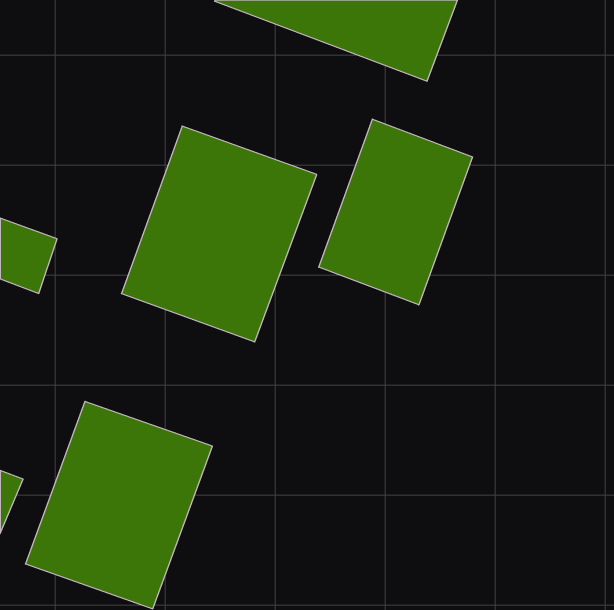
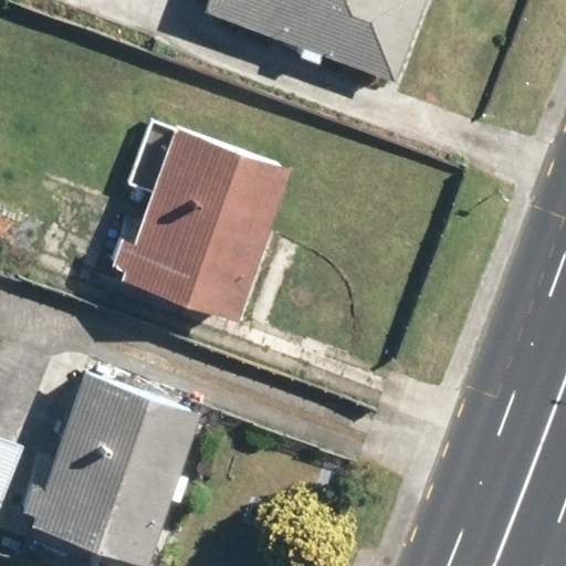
building: [319,119,472,305] -> none

